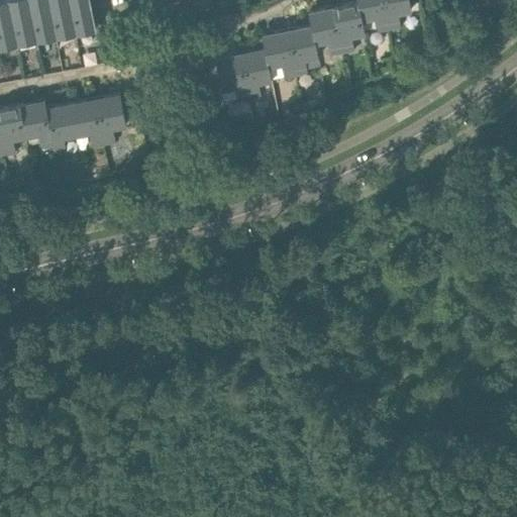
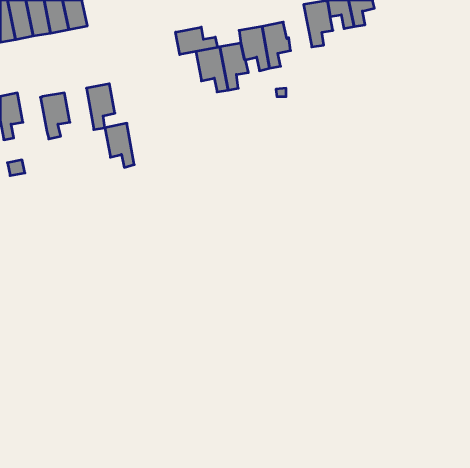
building: [309,7,342,56] -> none
building: none -> [176,27,218,55]
building: [71,99,103,147] -> [105,123,134,167]
building: [19,100,51,148] -> none

